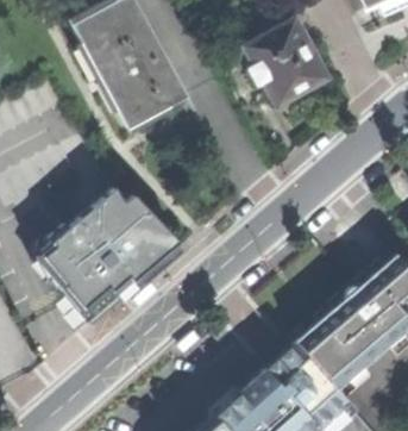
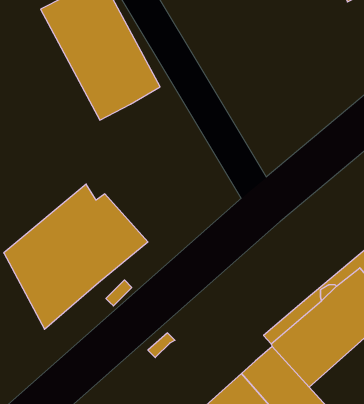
building: [247,24,331,110] -> none

